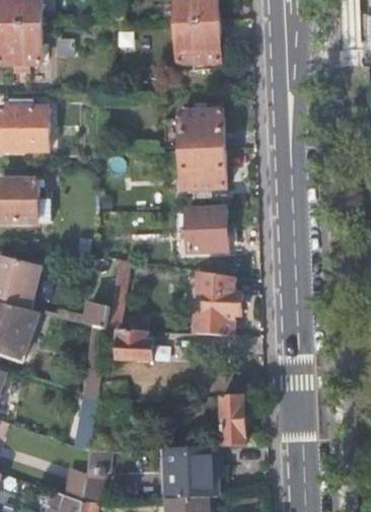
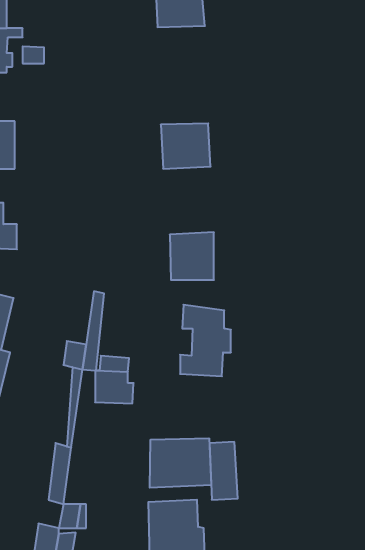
building: [174,23,218,63] -> none
building: [179,149,224,190] -> none
building: none -> [150,438,211,488]

